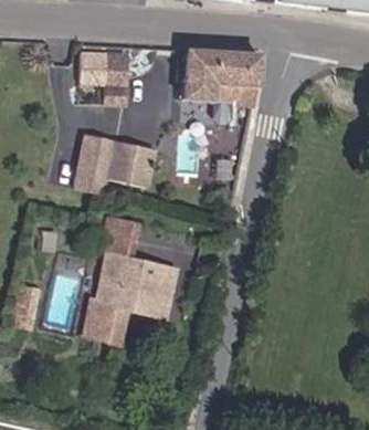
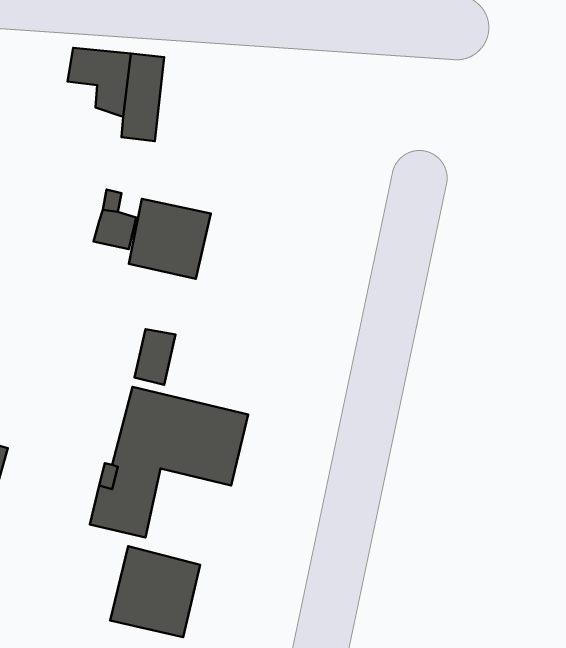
building: [182,53,256,105] -> none
building: none -> [110,546,200,637]

